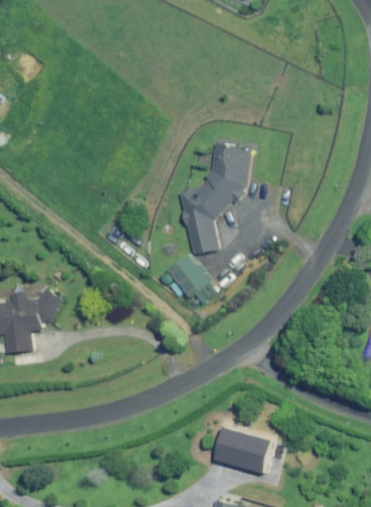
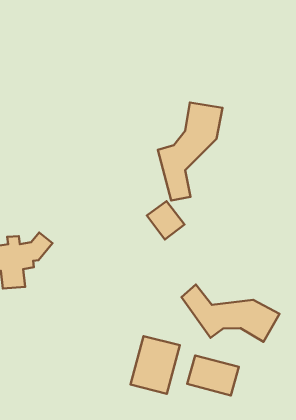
building: none -> [182,285,279,342]
building: none -> [131,336,180,394]

